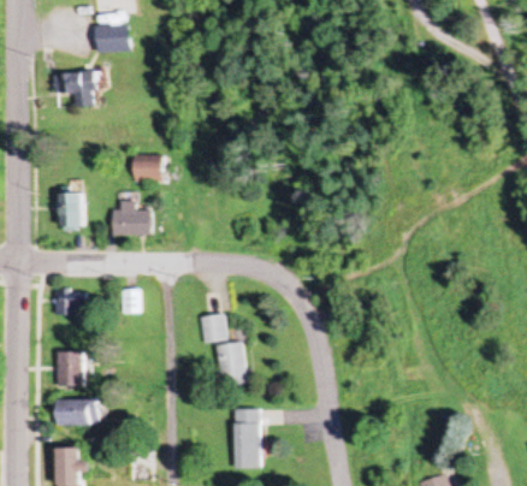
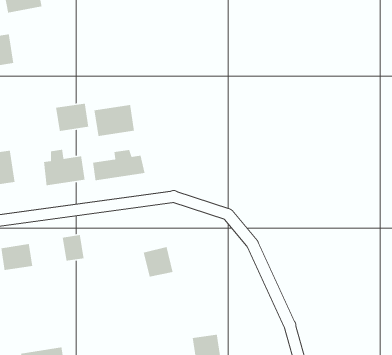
building: none -> [94,104,135,137]
building: none -> [92,149,146,181]
building: [215,340,247,386] -> none
building: [58,350,84,384] -> none

